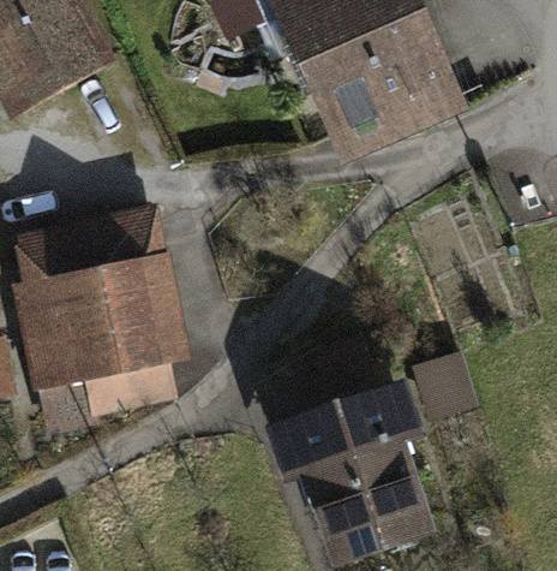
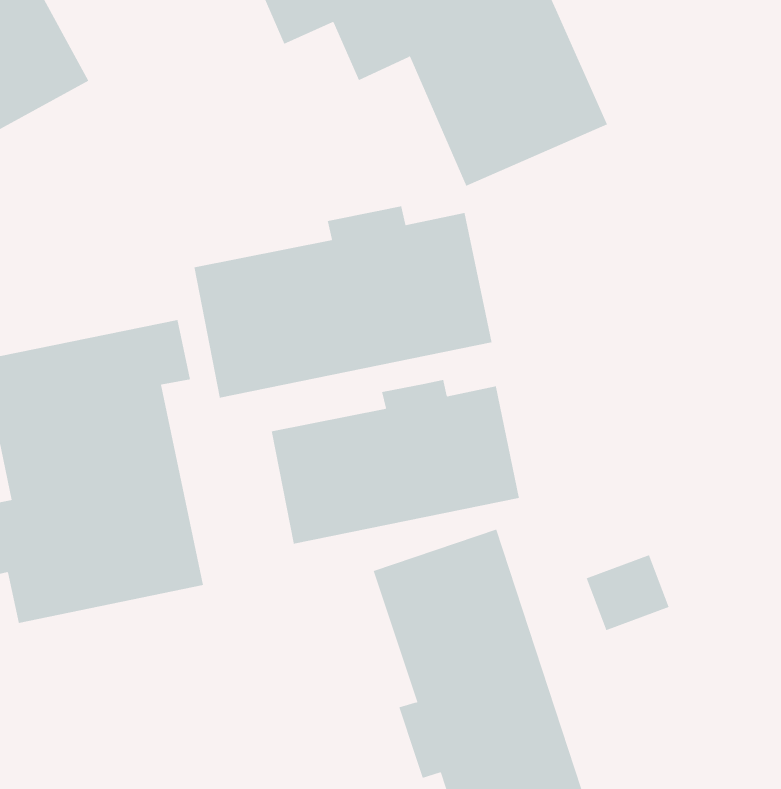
building: none -> [194,206,492,398]
building: none -> [271,379,520,545]

